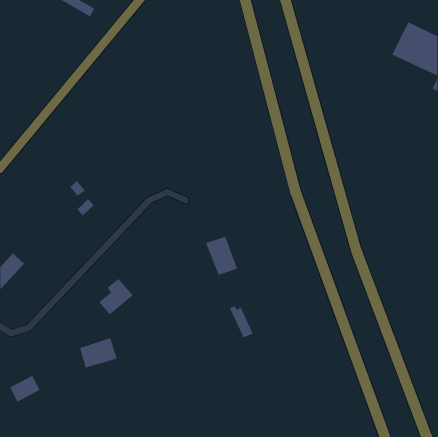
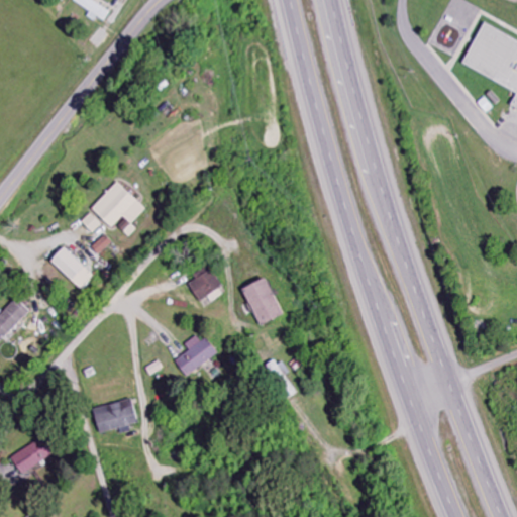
building: none -> [91,181,145,227]
building: none -> [49,244,94,289]
building: none -> [187,269,221,301]
building: [98,278,133,315] -> [175,332,216,376]

